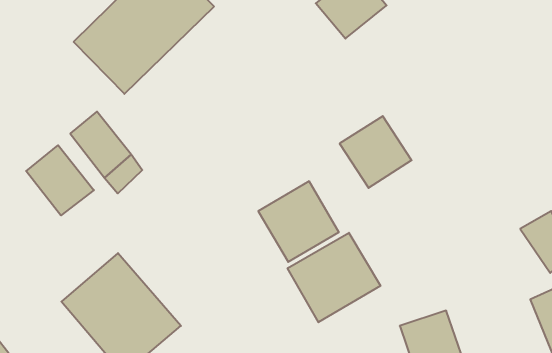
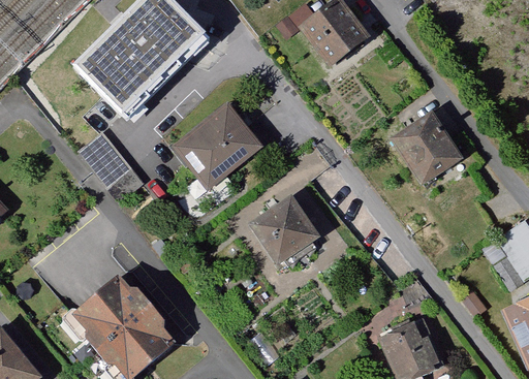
building: none -> [173,103,269,196]
building: [340,116,412,188] -> [393,113,460,180]
building: [26,145,94,215] -> none
building: [288,233,380,322] -> none

